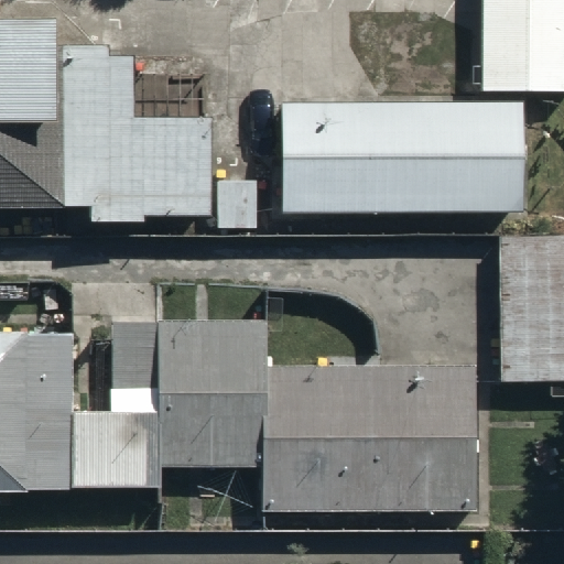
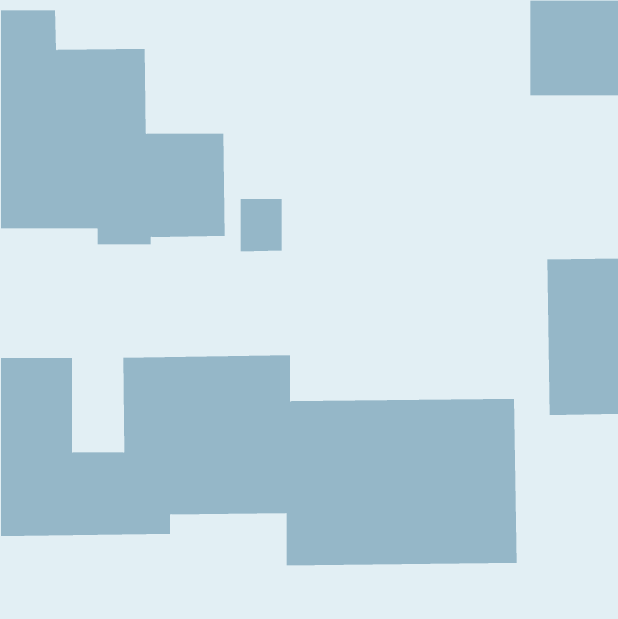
building: [283,102,520,212] -> none

